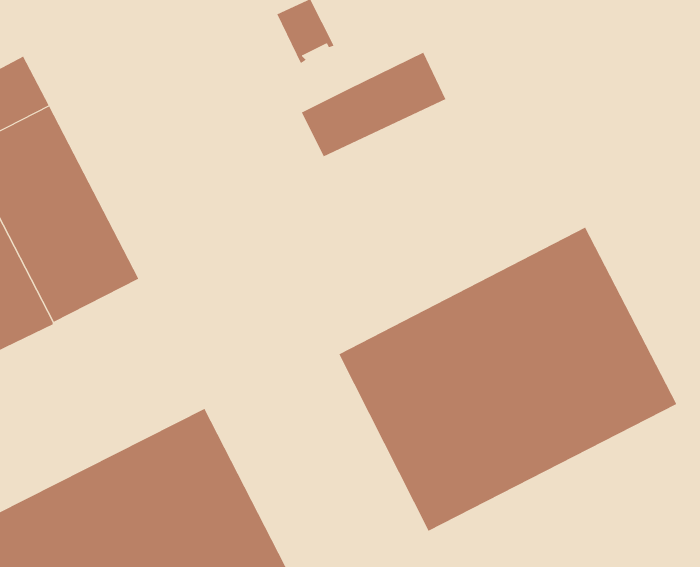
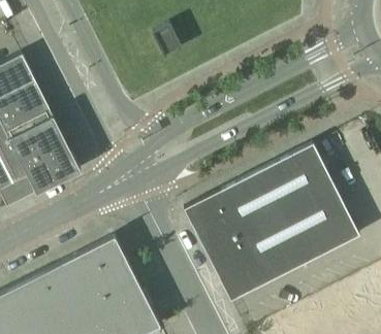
building: [301,52,446,157] -> none

